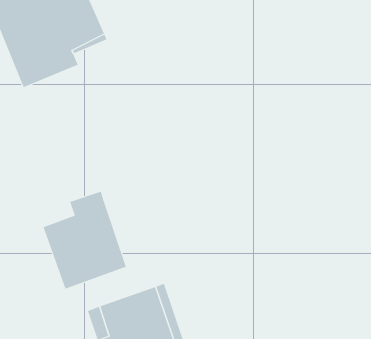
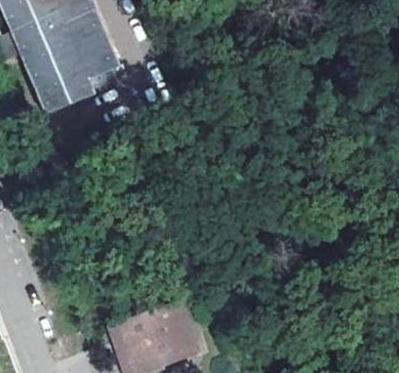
building: [43,191,126,290] -> none

